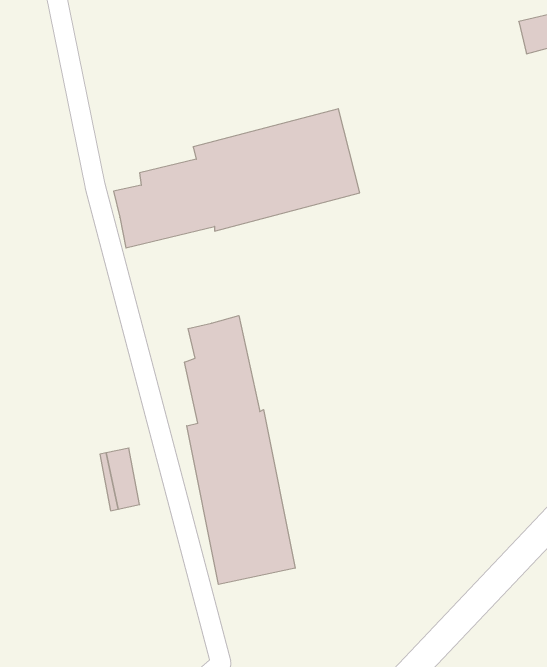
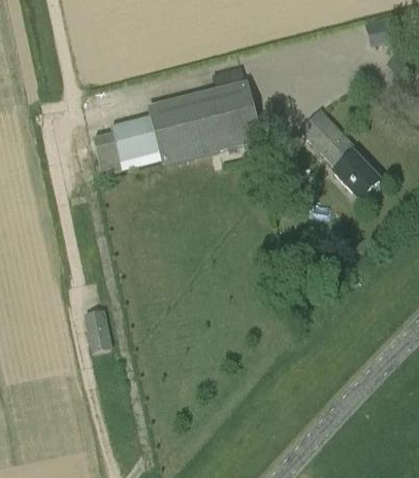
building: none -> [297,109,378,198]
building: [185,316,295,584] -> none

